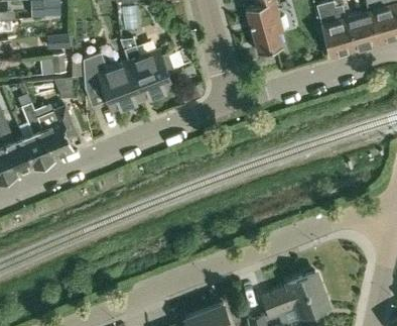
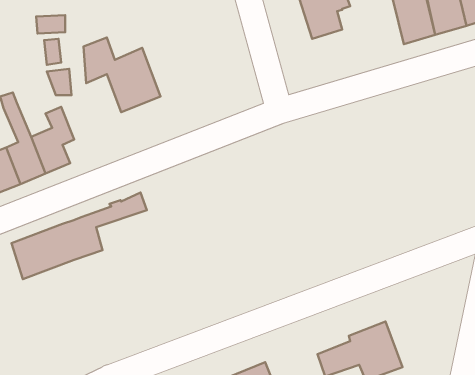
building: [123,45,173,99] -> none
building: none -> [12,192,147,279]

